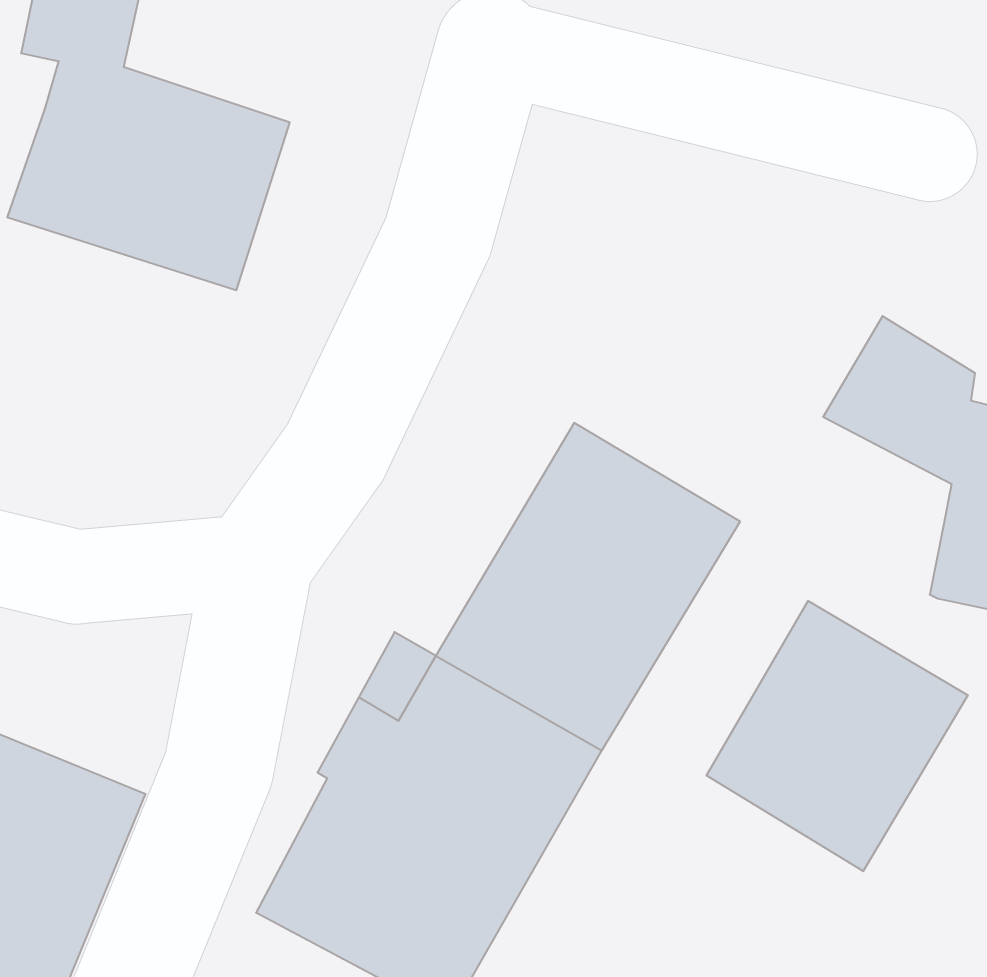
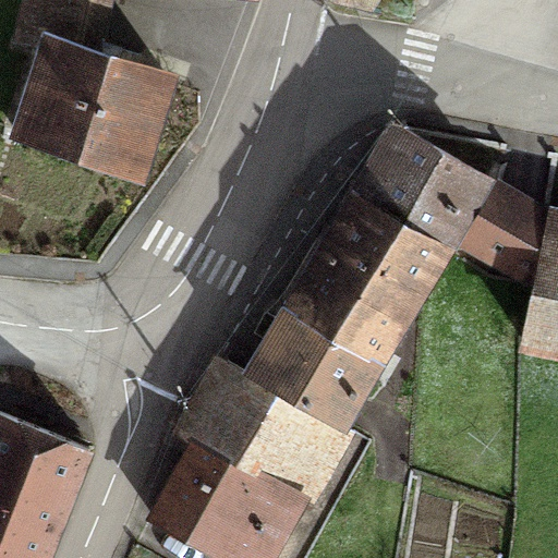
building: none -> [325,130,485,303]
building: [707,601,968,871] -> none

